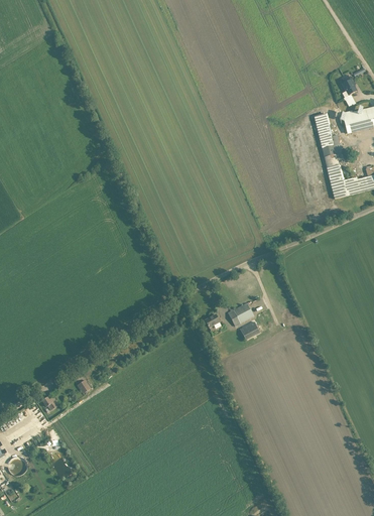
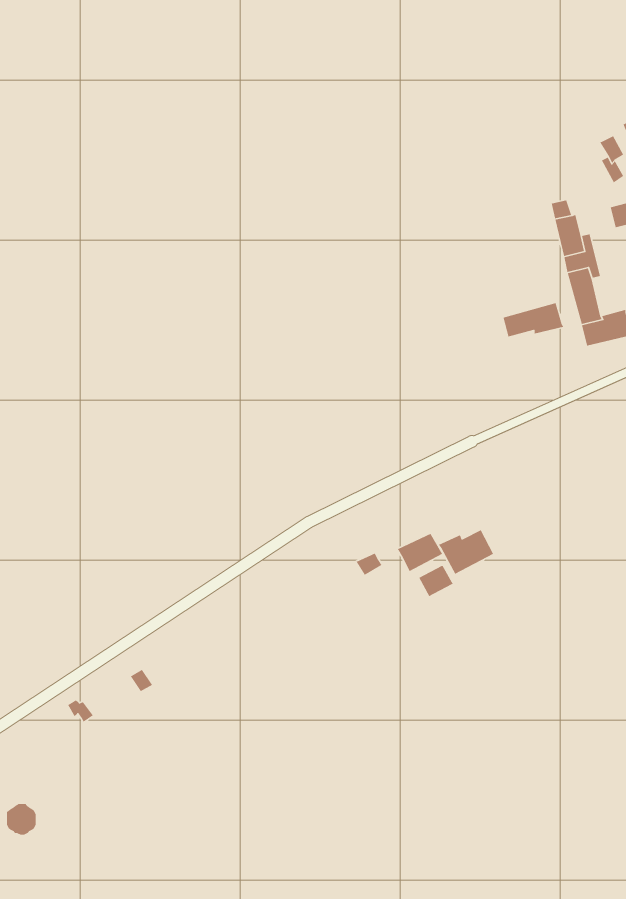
building: none -> [502,302,564,337]
building: none -> [438,529,494,575]

